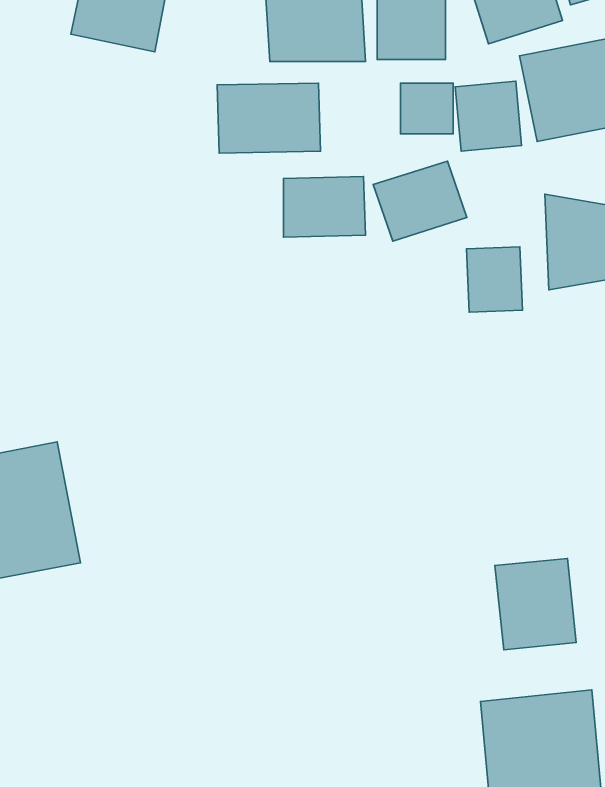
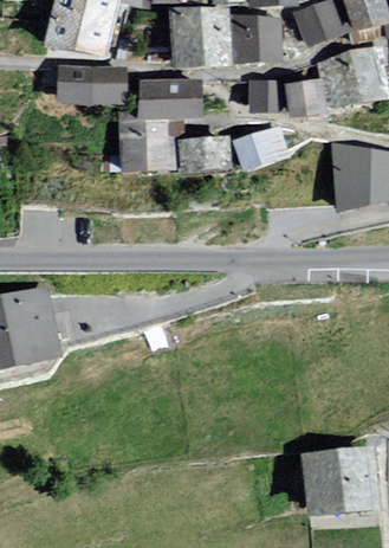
building: none -> [59,65,125,104]
building: none -> [119,118,175,169]
building: [467,247,522,312] -> none
building: [495,558,576,650] -> none

